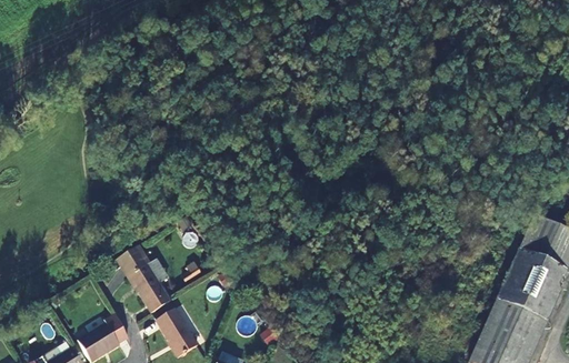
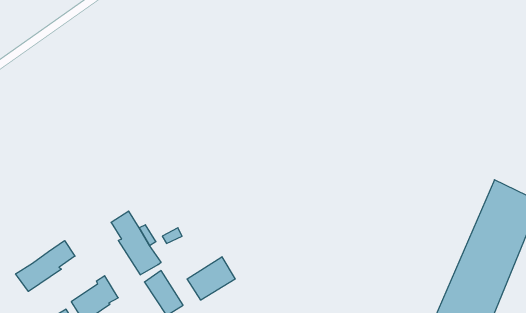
building: none -> [16,241,75,291]
building: none -> [187,257,235,300]

